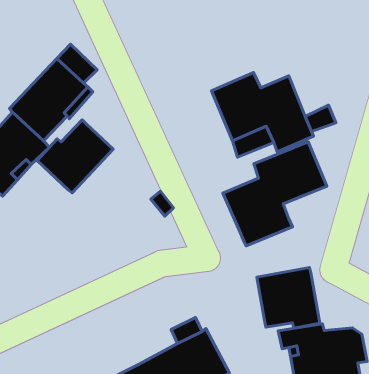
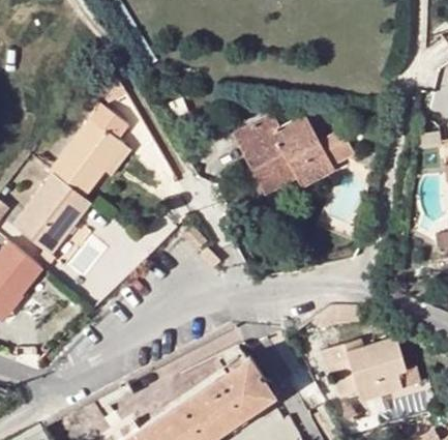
building: [37,120,113,193] -> none
building: [223,142,327,246] -> none
building: [257,267,320,328] -> none

